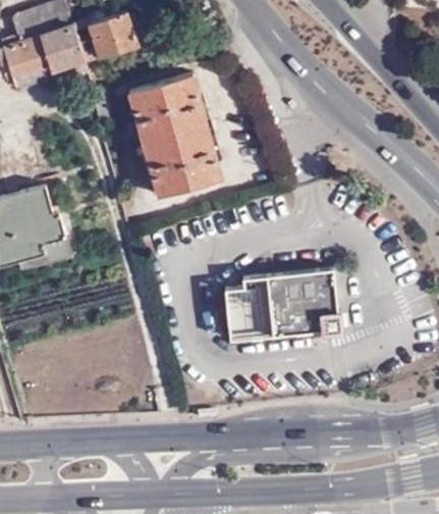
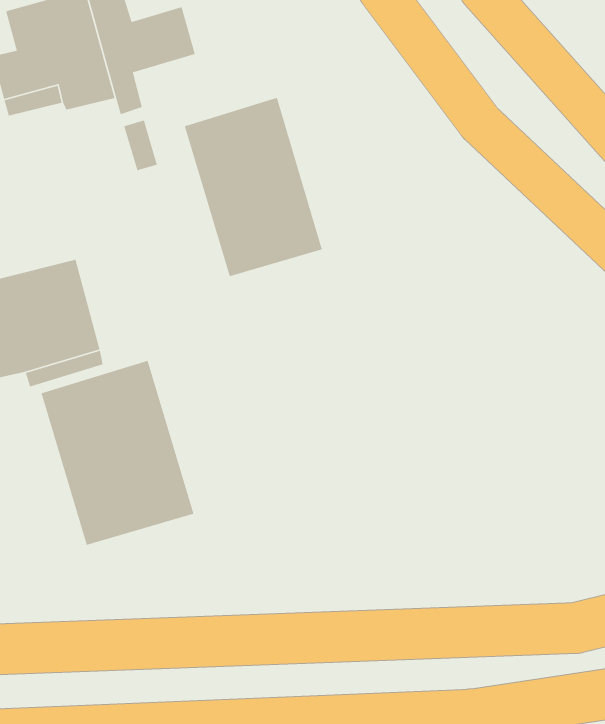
building: none -> [41,360,195,546]
building: [218,271,337,344] -> none

